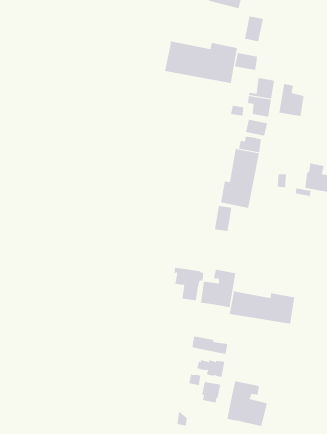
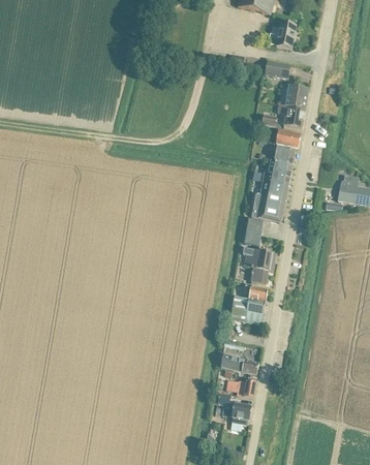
building: [165,40,237,84] -> none
building: [279,83,304,117] -> none
building: [174,267,204,301] -> [241,247,273,282]
building: [229,291,295,325] -> none
building: [227,381,267,427] -> none

